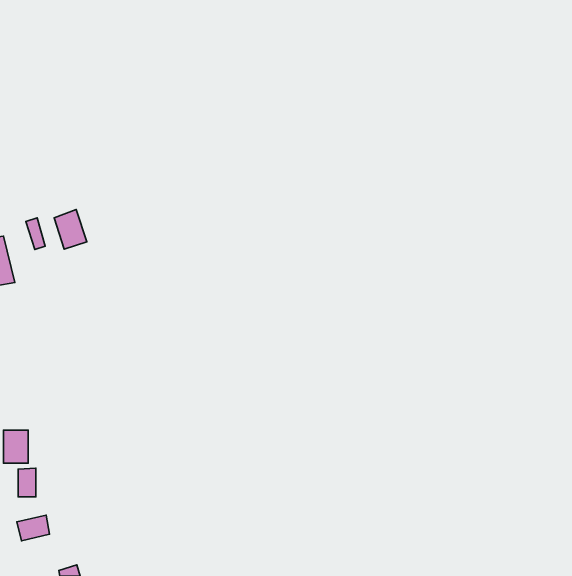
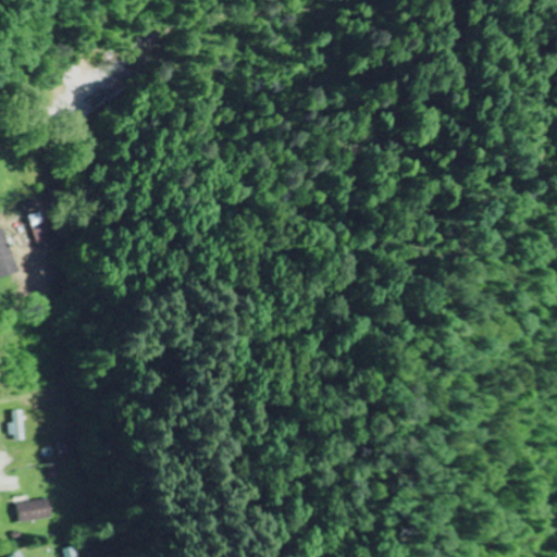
building: [54,209,87,249] -> none
building: [18,468,36,497] -> none

